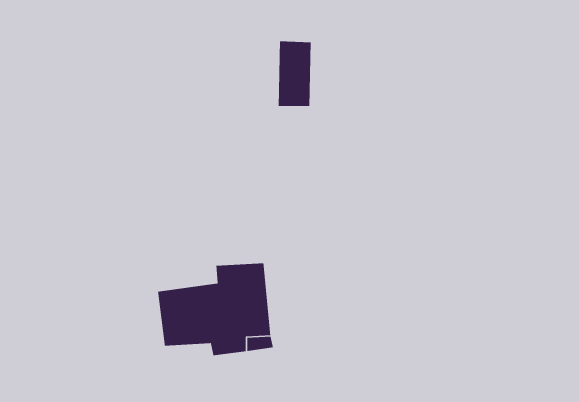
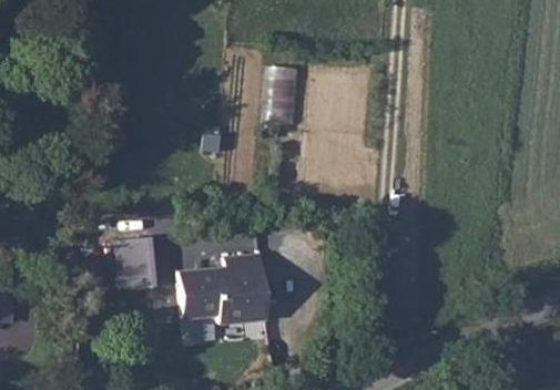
building: none -> [120,244,156,288]

